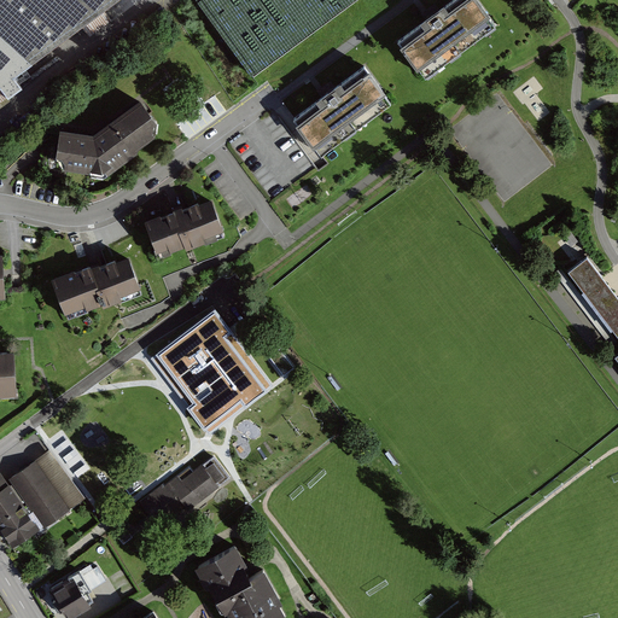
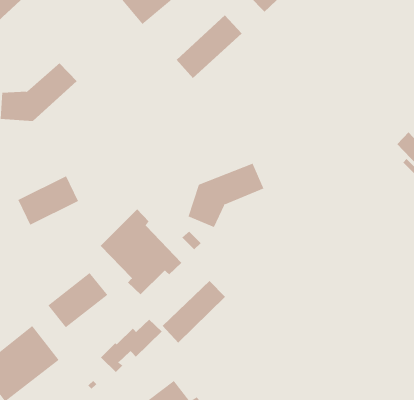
building: [148,199,221,253] -> none
building: none -> [188,163,264,228]
building: none -> [47,272,108,328]
building: none -> [162,280,226,343]

